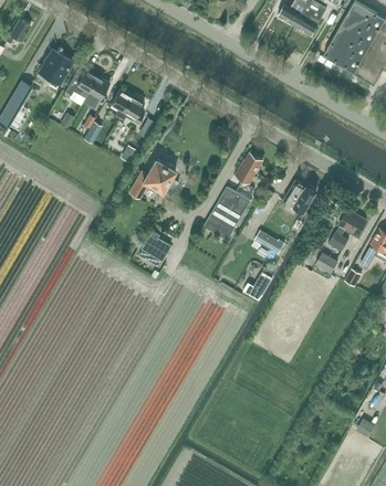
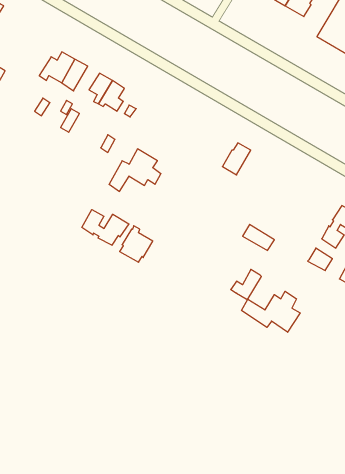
building: [39,50,71,87] -> none
building: [283,179,315,212] -> none
building: [202,186,251,241] -> none
building: none -> [82,210,129,245]
building: none -> [242,291,300,332]

